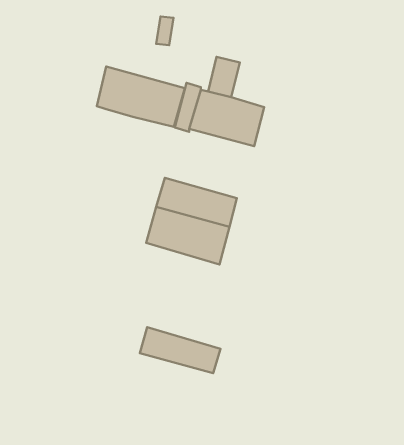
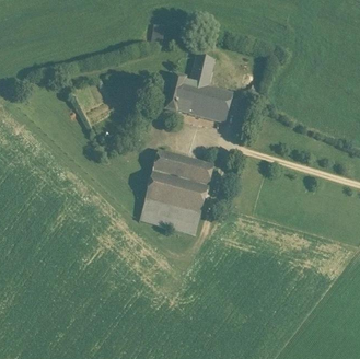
building: [97,66,185,127] -> none
building: [140,327,220,373] -> [139,198,200,233]

